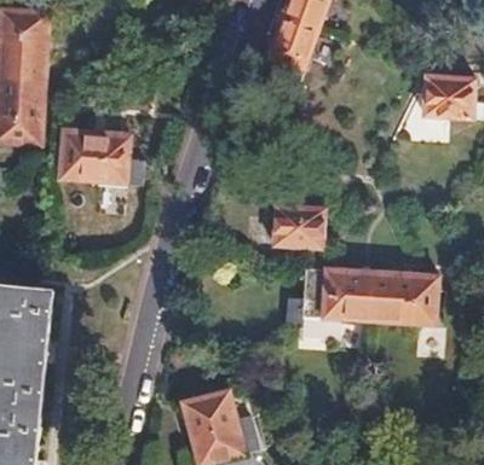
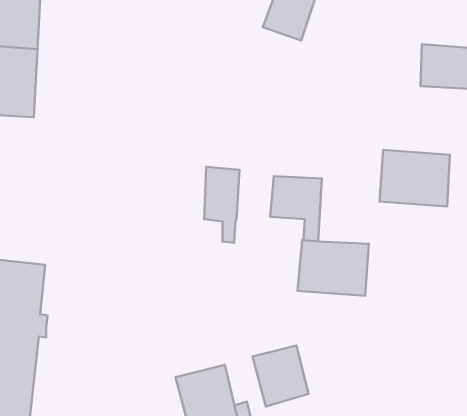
building: [59,129,131,181] -> none
building: none -> [204,167,239,243]
building: [368,271,437,326] -> [380,150,450,207]
building: none -> [253,346,308,406]

